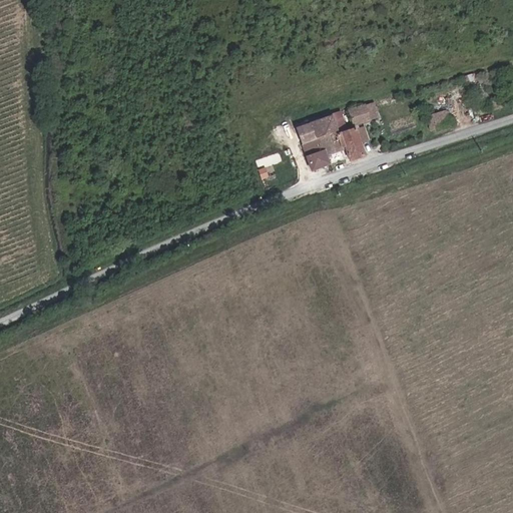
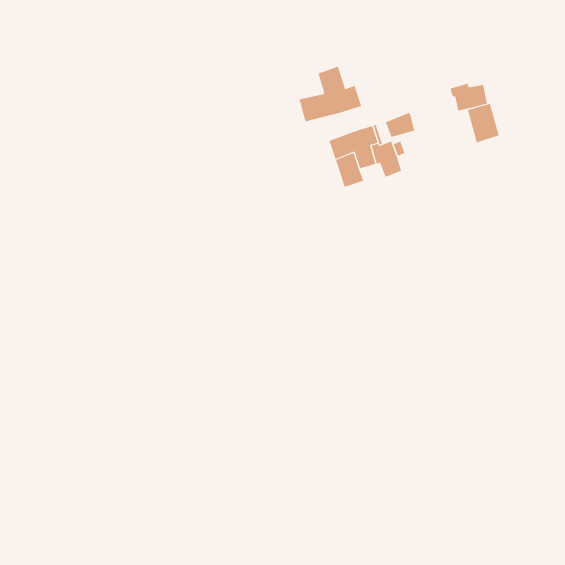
building: none -> [299,66,362,122]
building: none -> [450,83,488,111]

